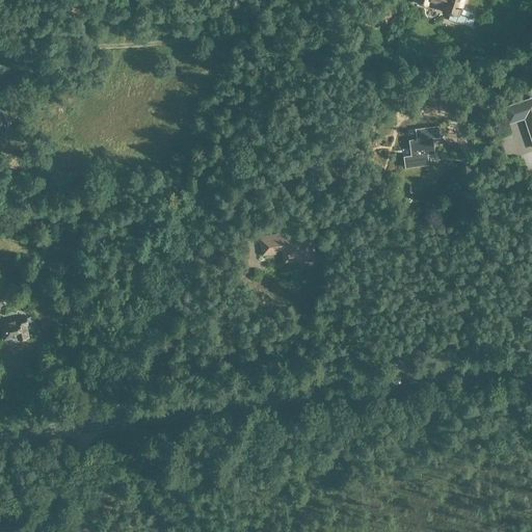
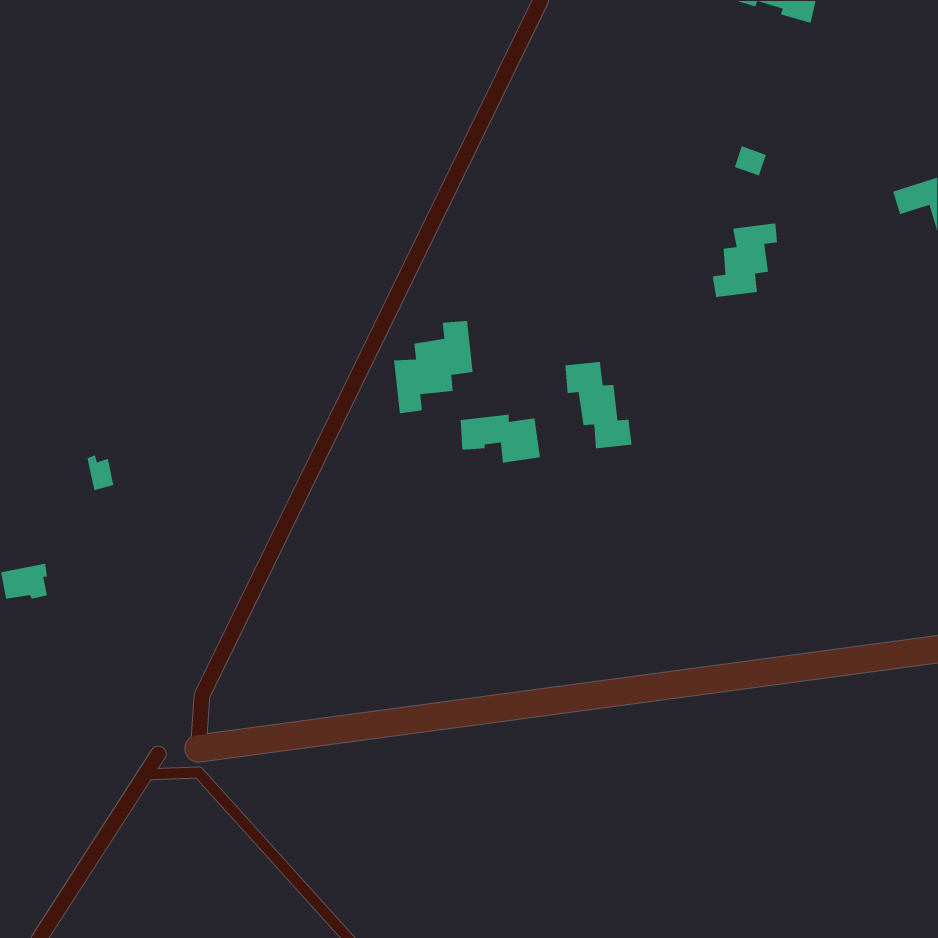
building: none -> [393,320,473,414]
building: none -> [564,361,633,449]

